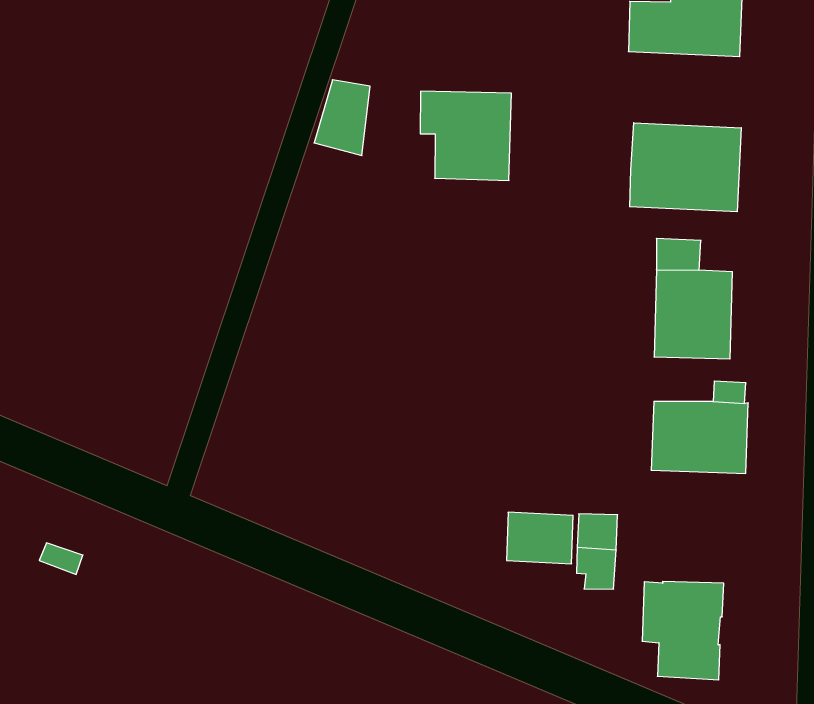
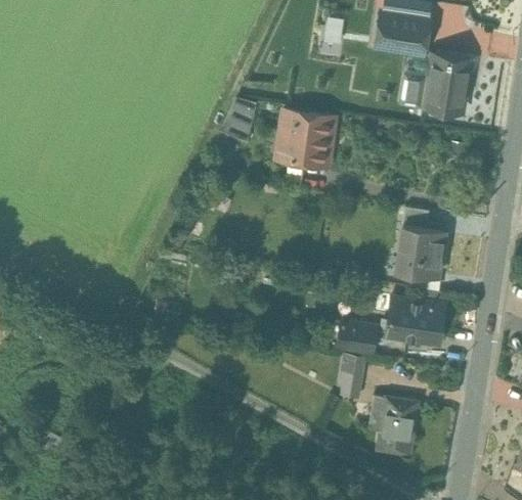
building: [630,123,741,212] -> none
building: [507,512,573,564] -> [337,323,377,356]

